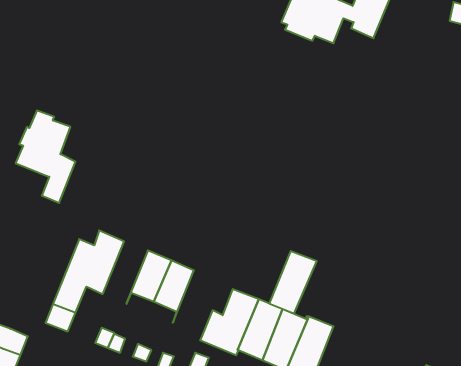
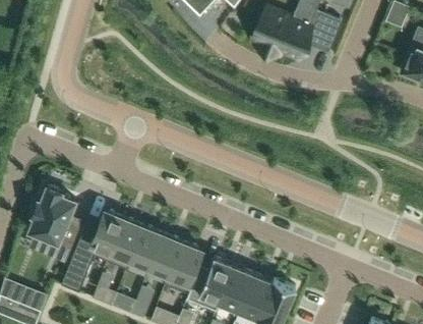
building: [16,111,75,203] -> [31,186,79,262]
building: none -> [108,218,144,268]
building: [269,251,317,313] -> [165,241,203,292]

